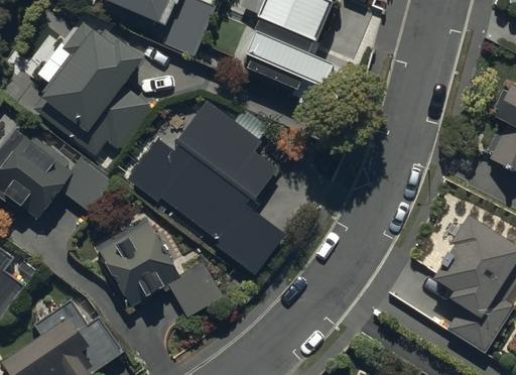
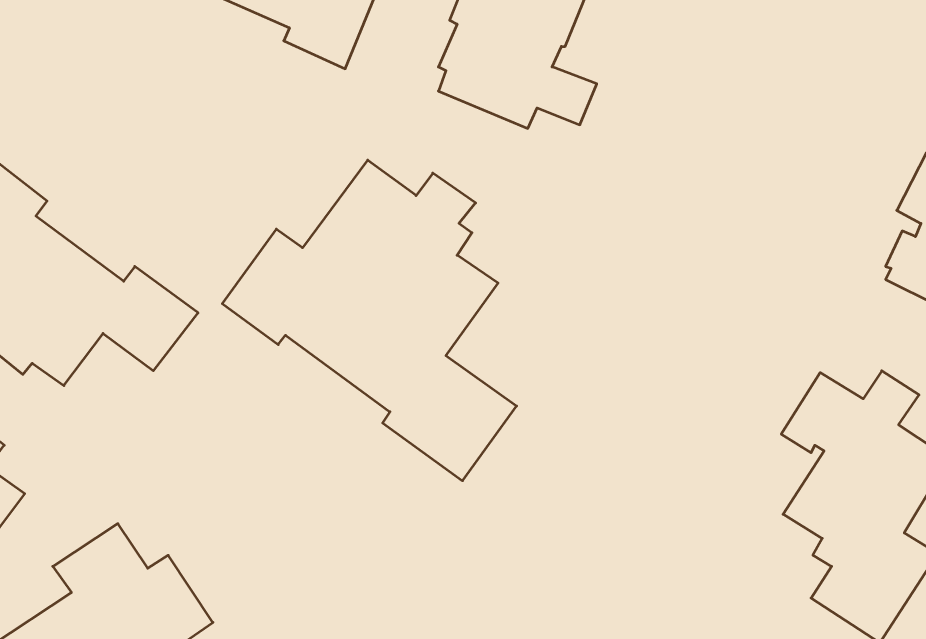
building: [32,19,154,153] -> none
building: [93,220,225,321] -> none

